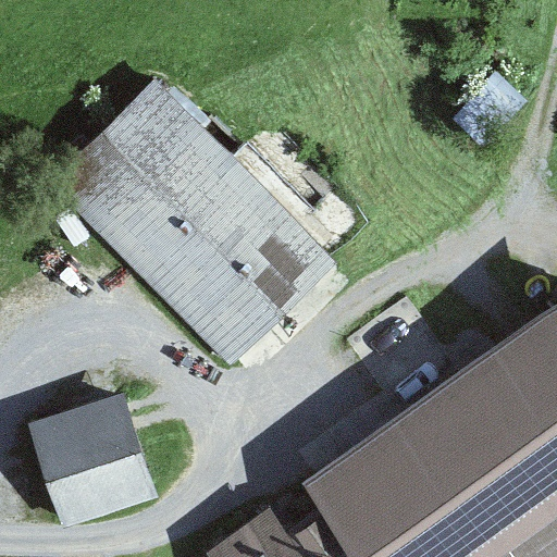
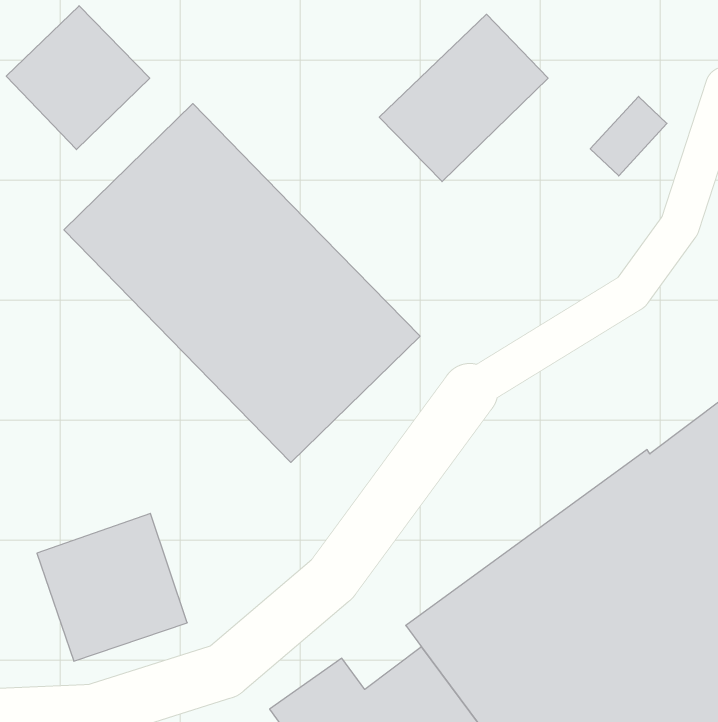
building: none -> [6,6,150,150]
building: none -> [379,14,548,182]

